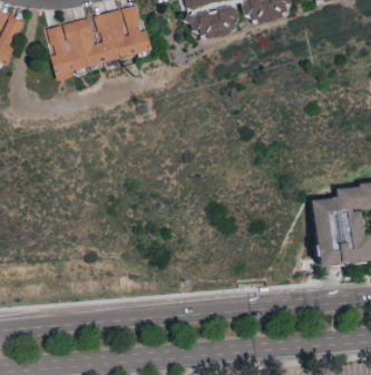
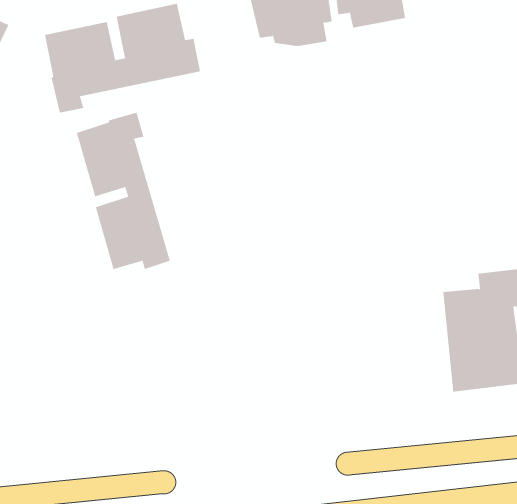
building: none -> [76,112,170,270]

